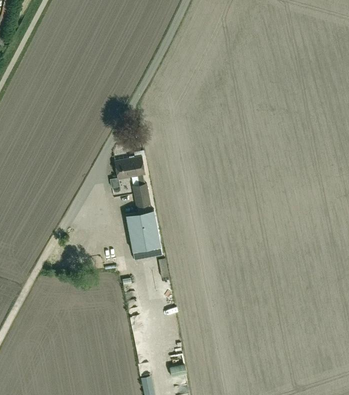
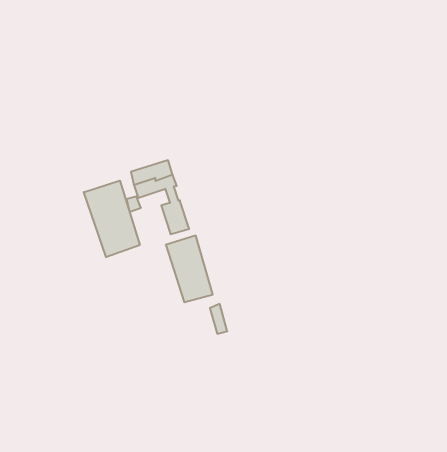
building: none -> [84,181,140,257]

